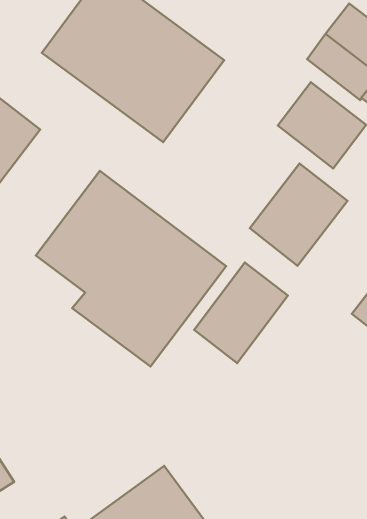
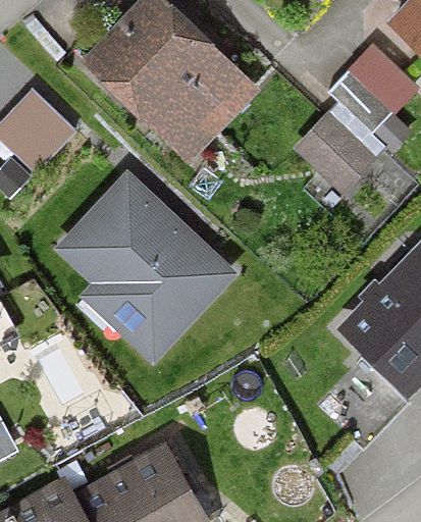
building: [250,164,347,266] -> none
building: [194,262,288,363] -> none

